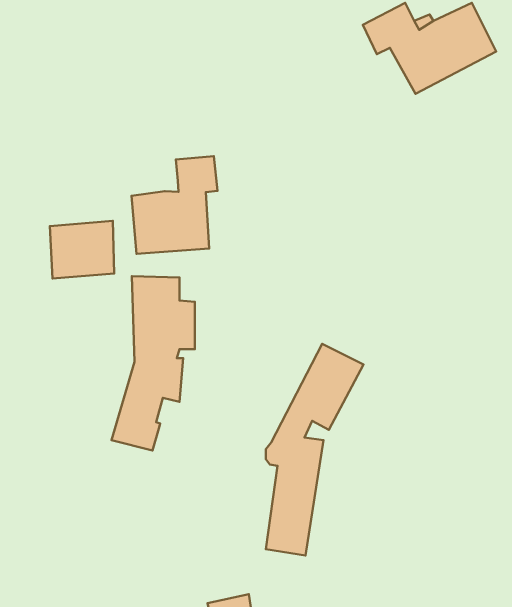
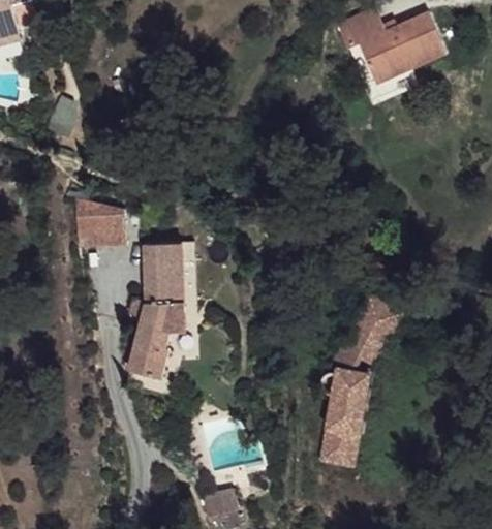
building: [131,156,217,254] -> none
building: [266,344,363,555] -> [322,290,401,461]

